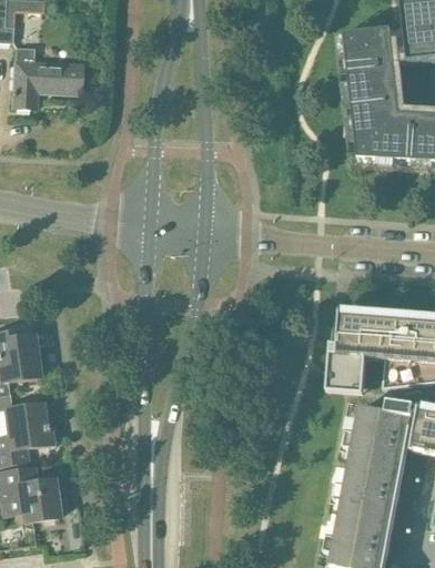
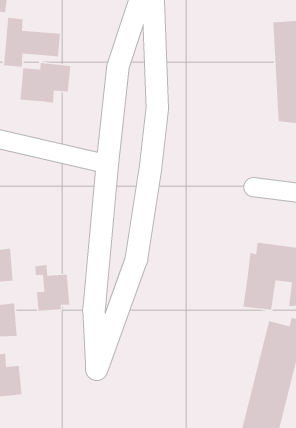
building: none -> [20,62,71,103]
building: none -> [35,264,70,312]

